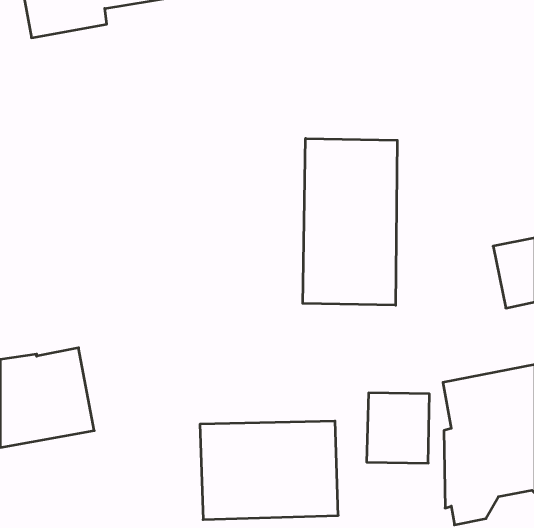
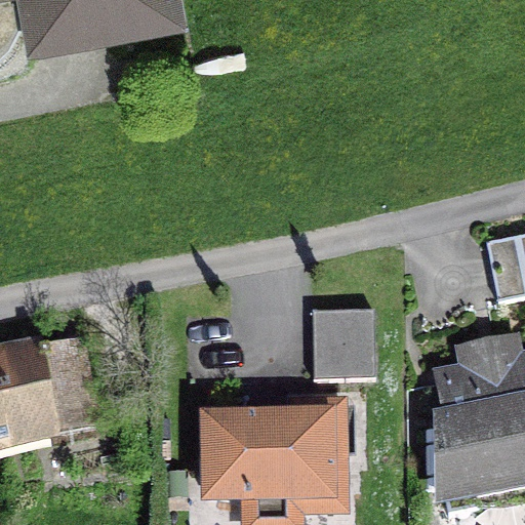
building: [303,138,397,305] -> none
building: [367,393,429,463] -> [319,310,380,378]

